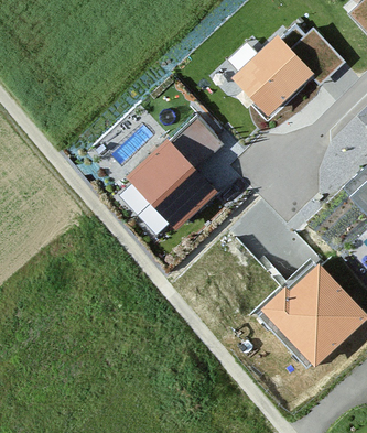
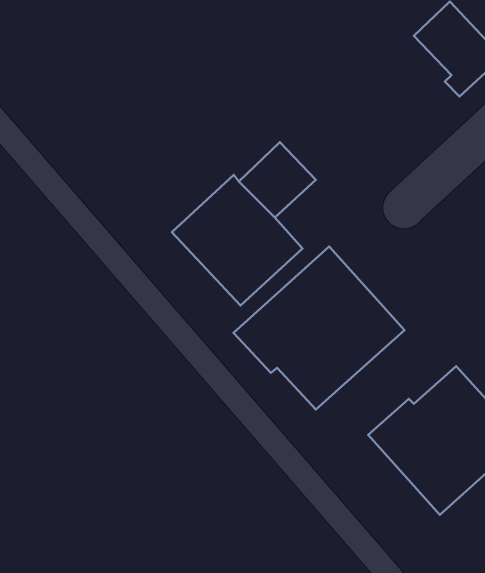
building: [231,34,315,117] -> none
building: none -> [234,246,405,410]

